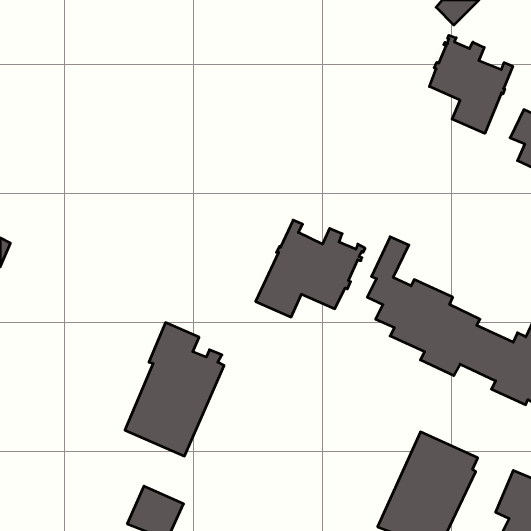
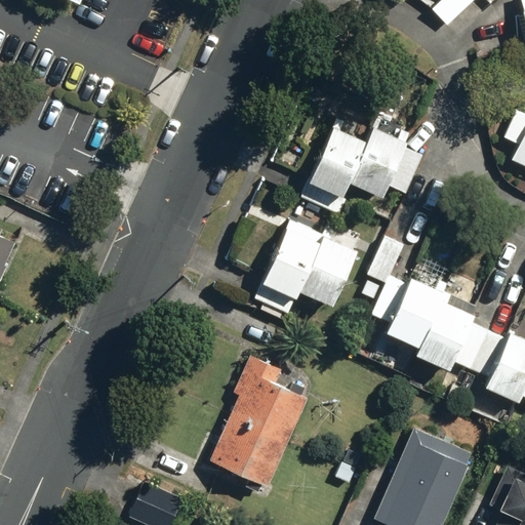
building: [429,35,513,133] -> none
building: none -> [301,119,422,214]
building: [125,323,224,456] -> [210,355,308,486]

